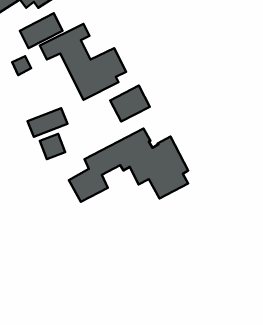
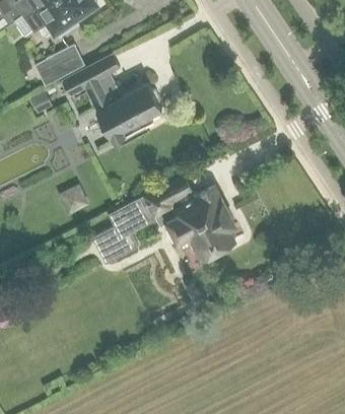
building: [110,86,150,121] -> none
building: [28,108,67,137] -> none

